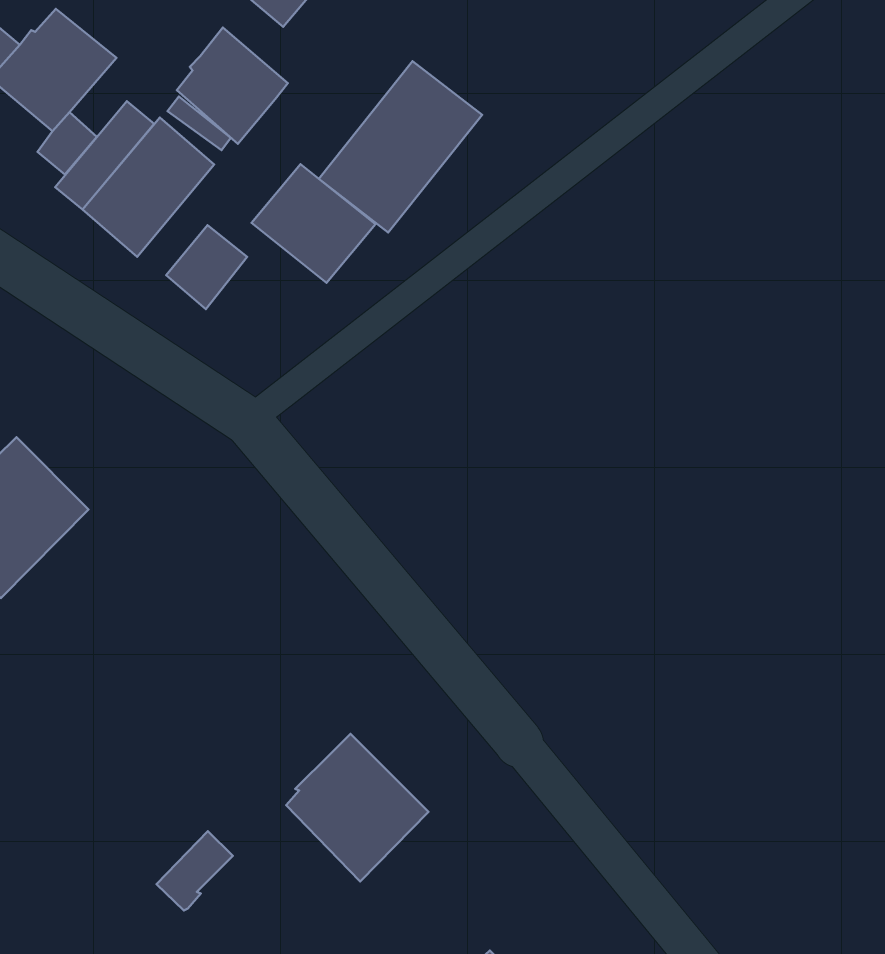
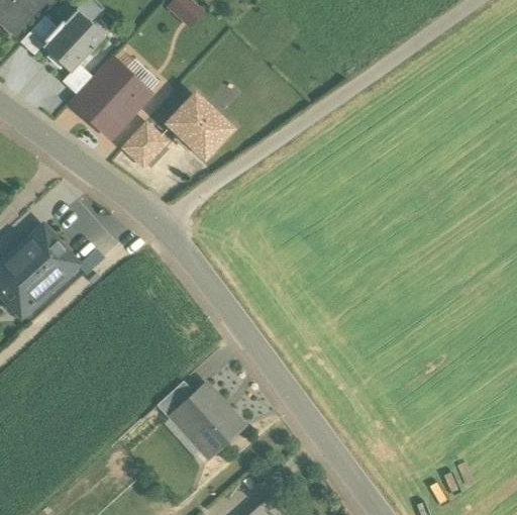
building: [177,28,288,144] -> none
building: [319,61,482,232] -> none
building: [156,831,233,911] -> [157,381,196,420]

